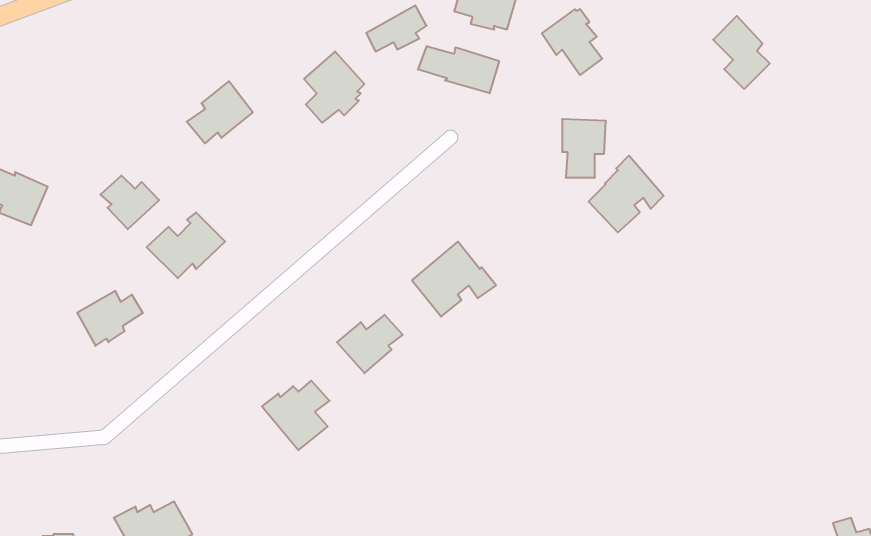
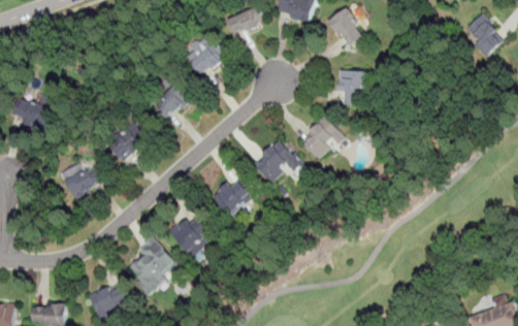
building: [713,16,770,89] -> [466,14,498,56]
building: [418,46,499,93] -> none
building: [187,81,253,143] -> [153,82,190,117]
building: [589,156,664,232] -> [302,115,345,158]
building: [100,175,159,229] -> none
building: none -> [130,248,176,294]

